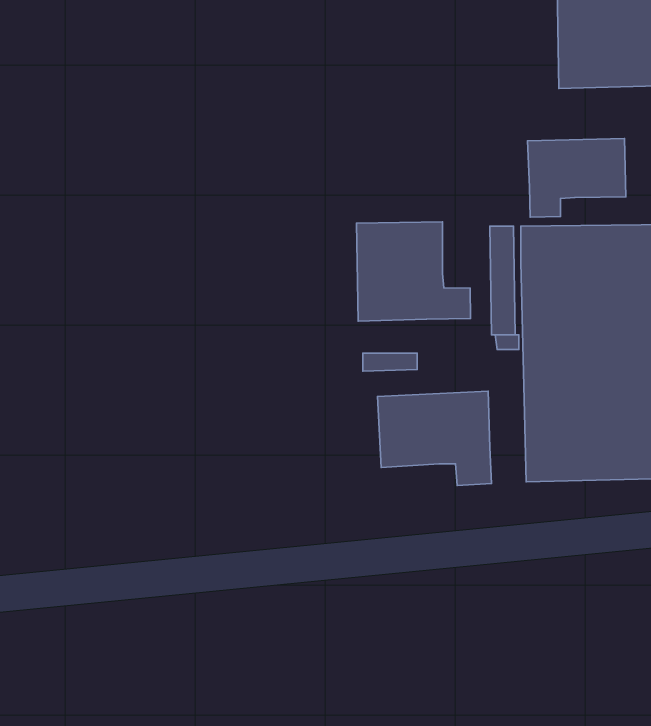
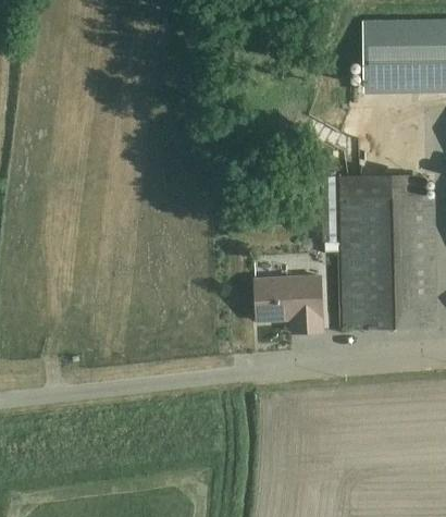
building: [528,139,626,217] -> none
building: [357,222,471,321] -> none

